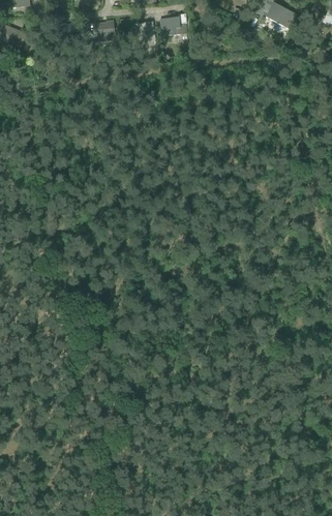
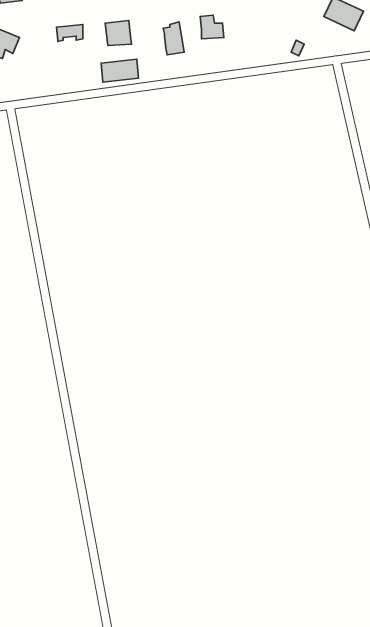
building: none -> [101,59,139,82]

